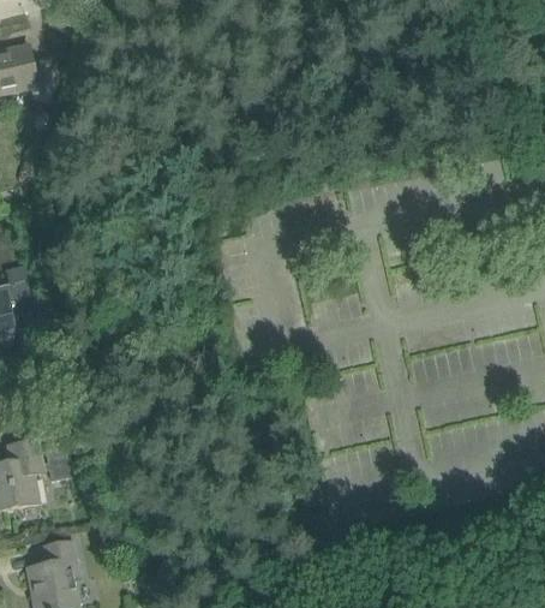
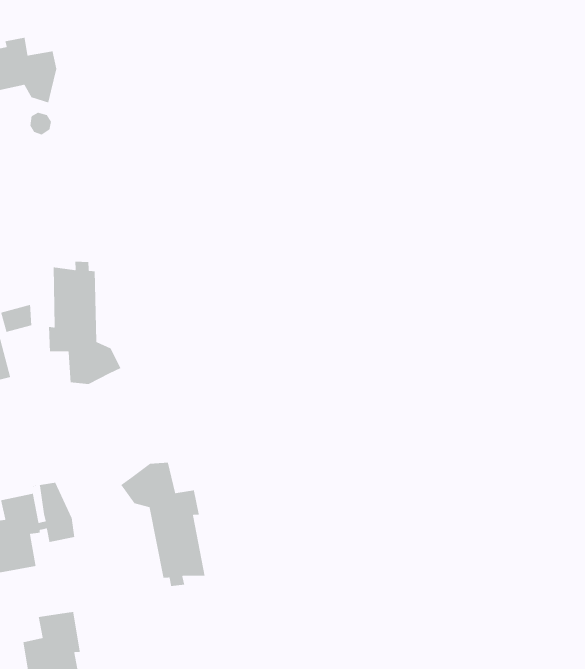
building: none -> [48,261,121,385]
building: none -> [120,462,206,587]

